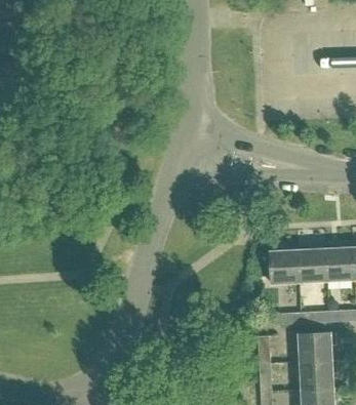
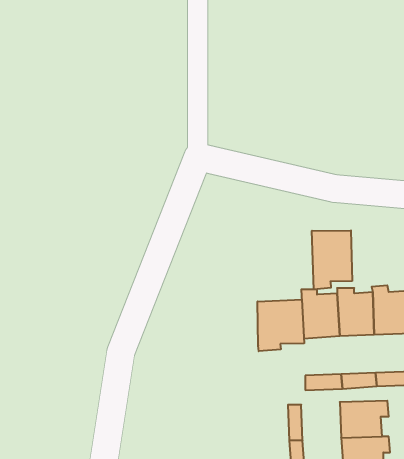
building: none -> [312,230,352,289]
building: none -> [258,299,304,351]

